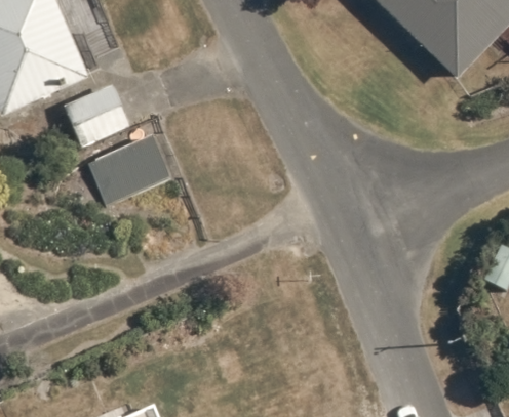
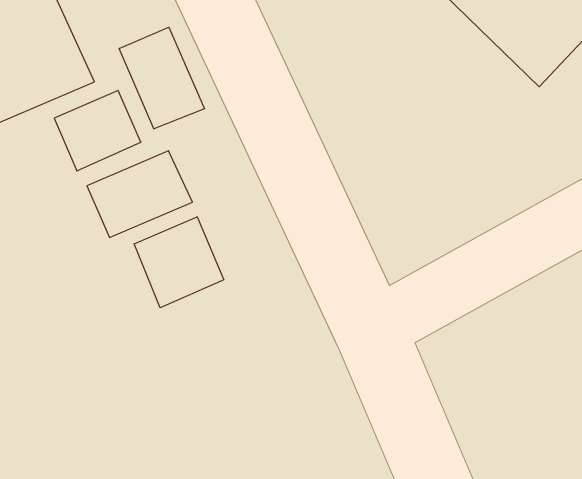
building: none -> [119,27,205,129]
building: none -> [134,217,224,308]

